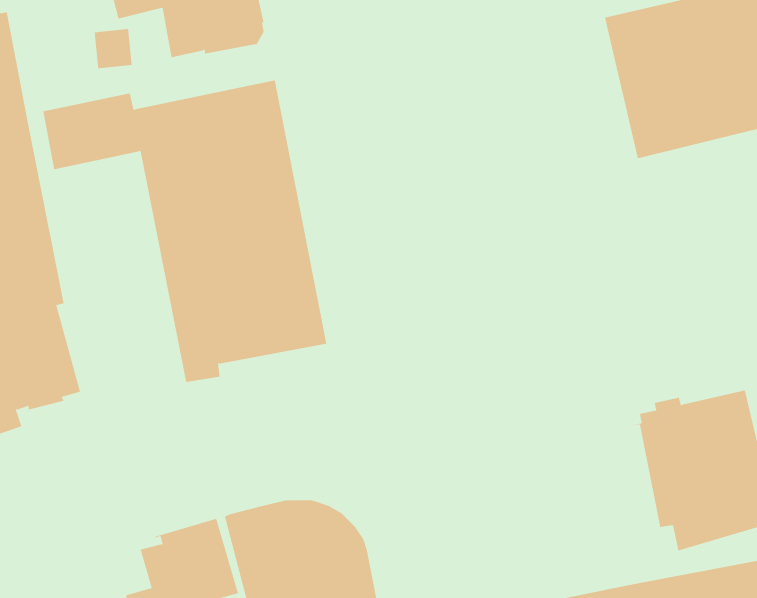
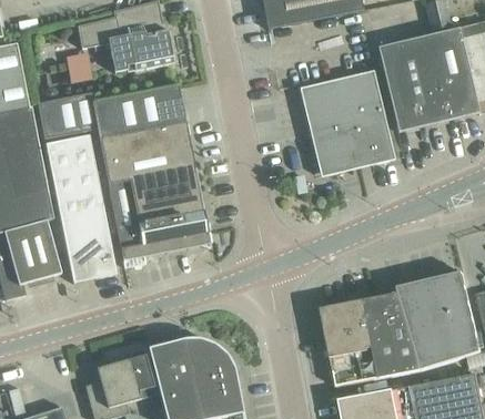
building: none -> [299,70,393,175]
building: none -> [44,134,115,283]
building: none -> [321,293,421,387]

